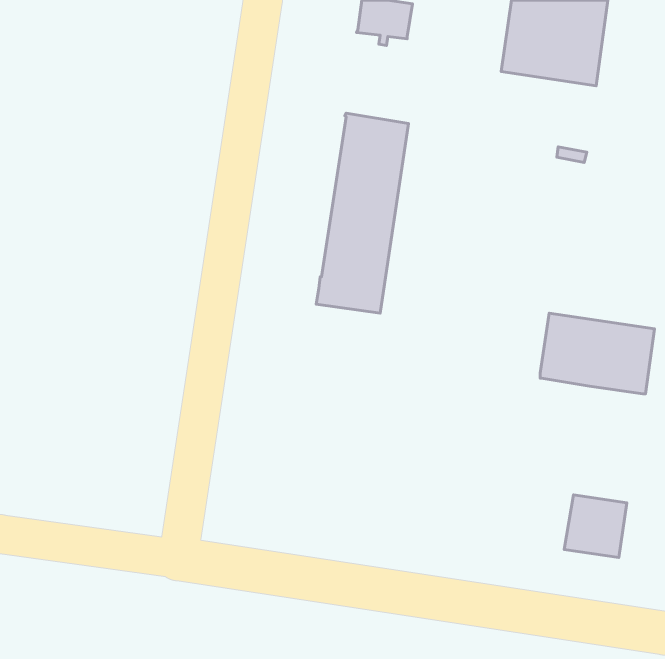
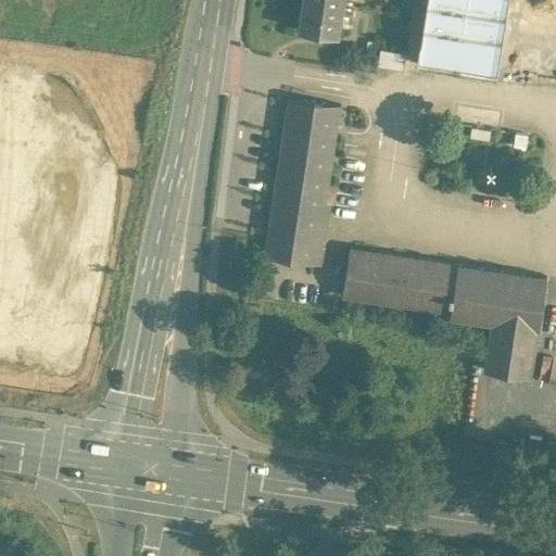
building: none -> [343,250,458,316]
building: [564,495,627,557] -> [484,327,536,379]

